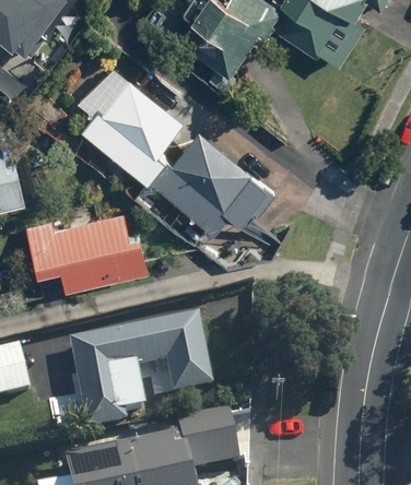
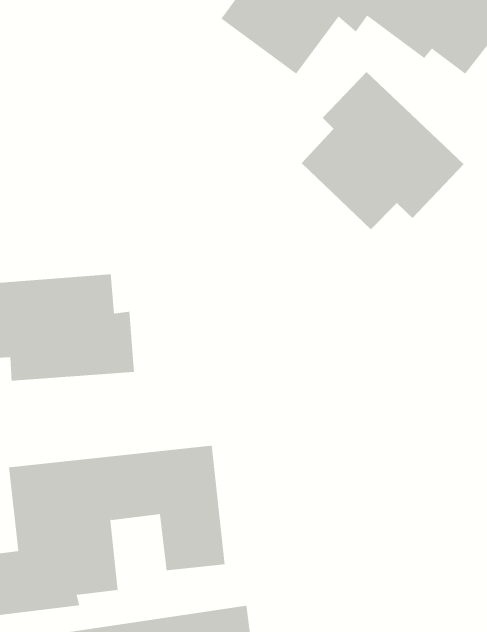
building: [79,64,180,184] -> none
building: [161,130,267,233] -> [301,71,465,230]

